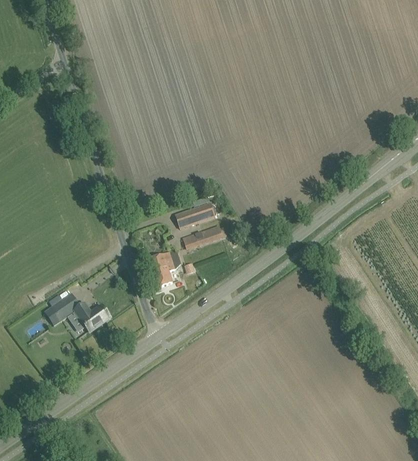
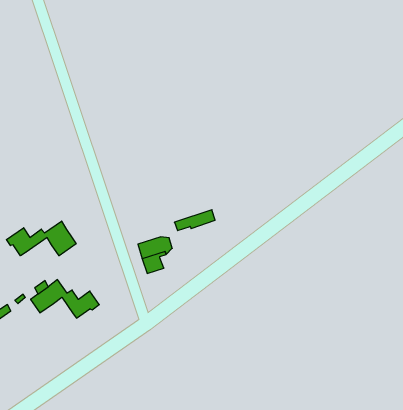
building: [185,203,215,225] -> none
building: none -> [6,221,76,256]

